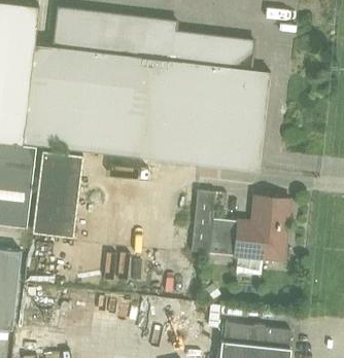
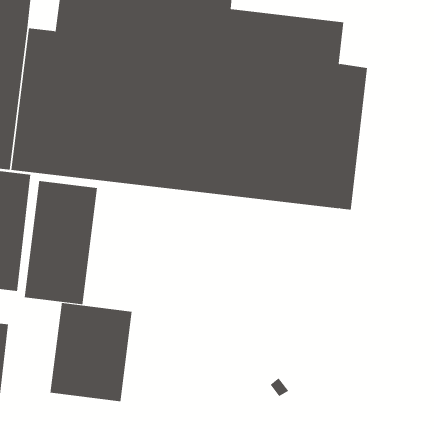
building: [191,190,289,261] -> none
building: none -> [50,302,132,402]

